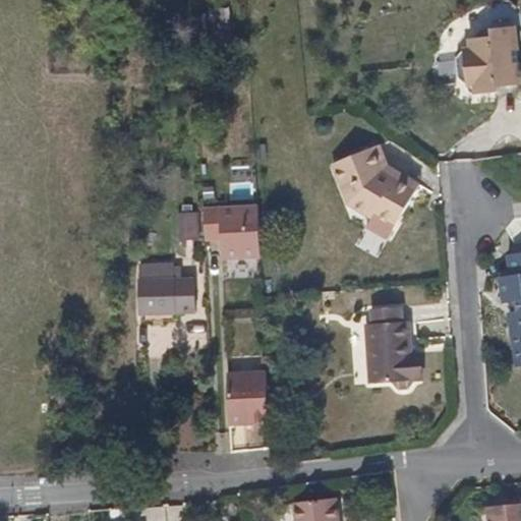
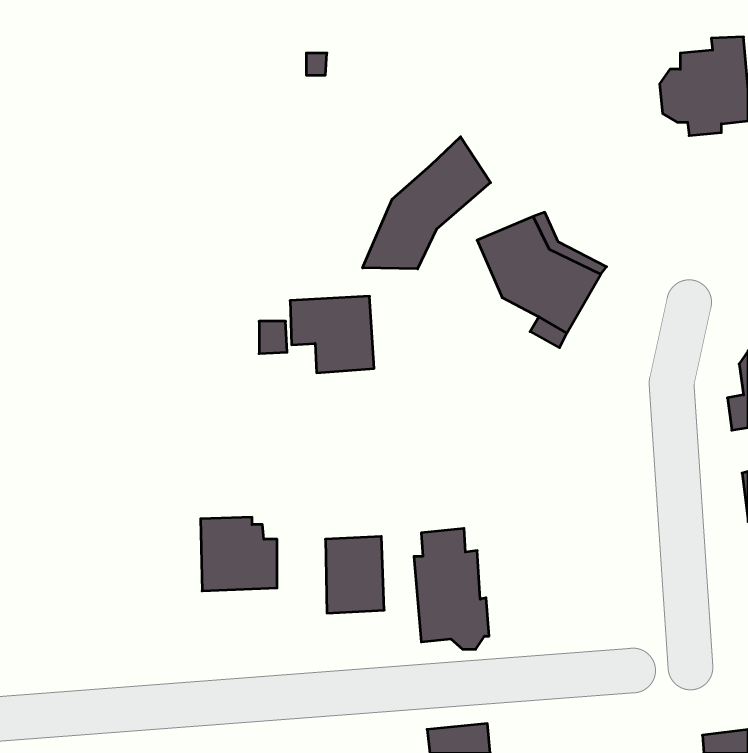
building: none -> [363,137,491,269]
building: [135,266,188,316] -> [201,517,277,591]
building: [368,305,420,389] -> [414,528,489,649]

